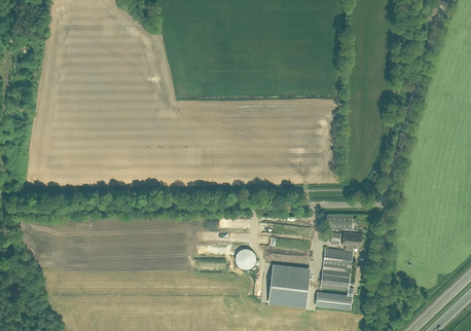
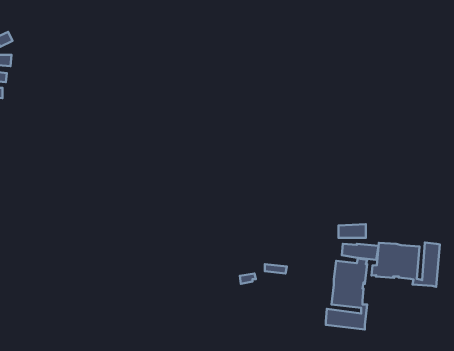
building: none -> [372,242,440,287]
building: [268,264,311,307] -> none

